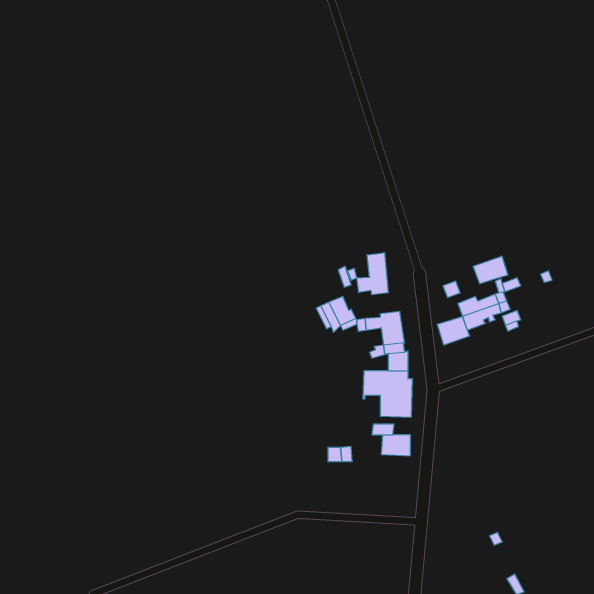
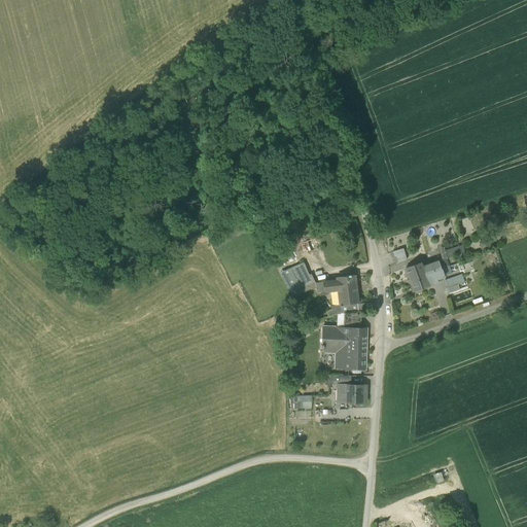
building: [357,253,388,295] -> none
building: [473,256,508,284] -> none
building: [437,317,469,345] -> none

